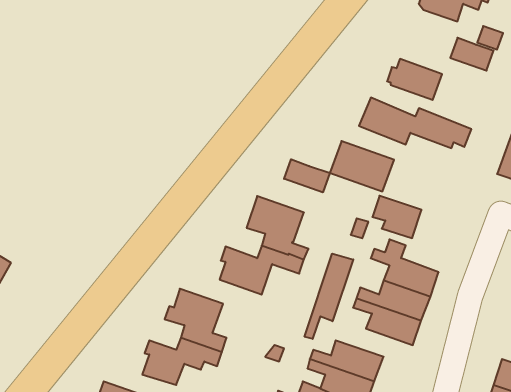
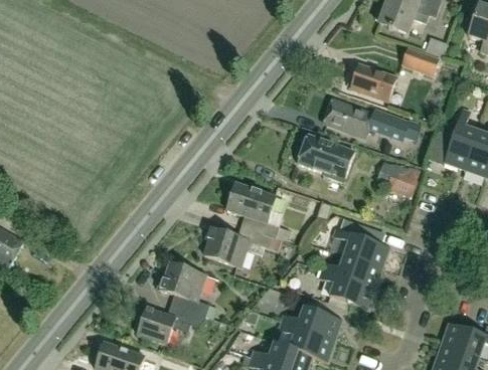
building: [284,159,330,192] -> none
building: [372,196,422,238] -> [377,159,420,195]
building: [305,254,353,339] -> none

